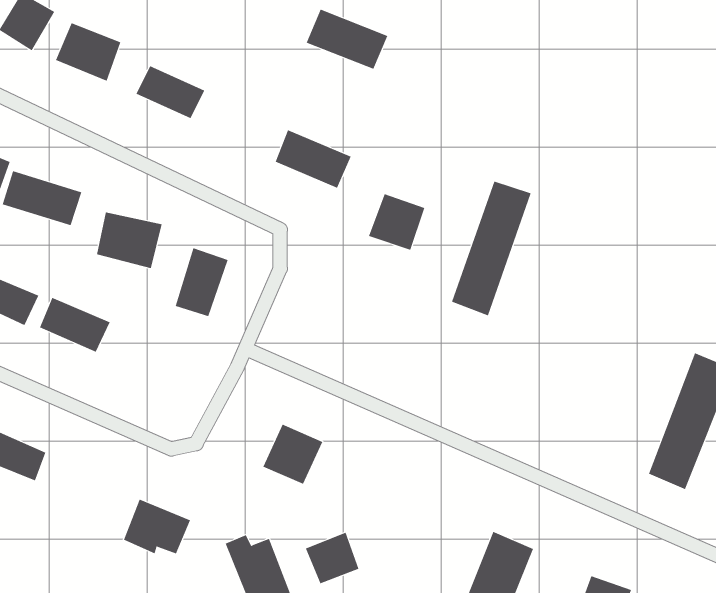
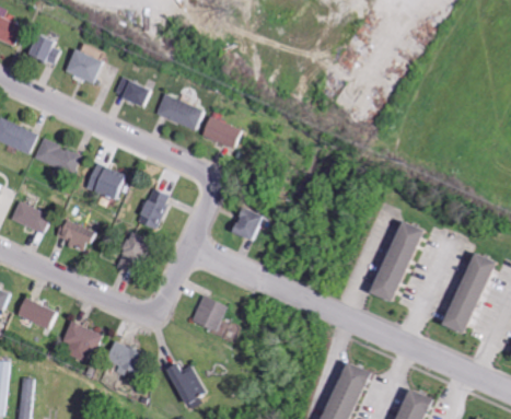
building: [306,9,388,70] -> [159,95,209,132]
building: [451,181,531,316] -> [363,222,413,305]
building: [368,193,425,251] -> [236,208,271,243]
building: none -> [123,234,155,277]
building: none -> [69,323,108,366]
building: [305,532,359,584] -> none

